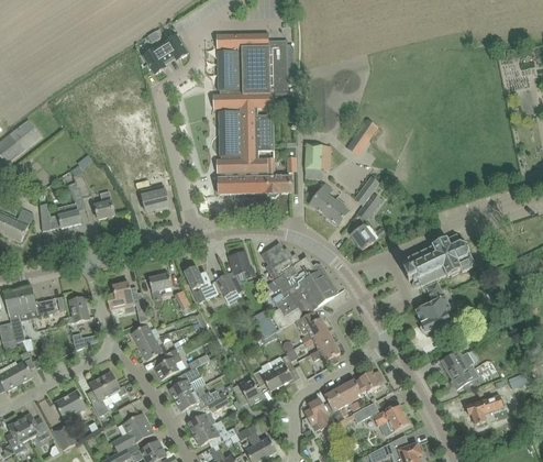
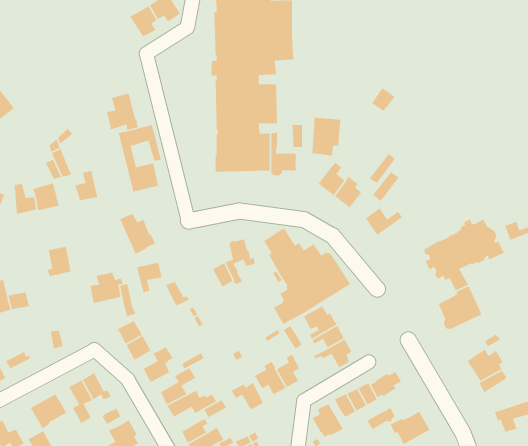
building: none -> [106,92,139,131]
building: [184,266,217,304] -> [119,213,156,255]
building: [67,296,89,323] -> [47,246,71,277]

